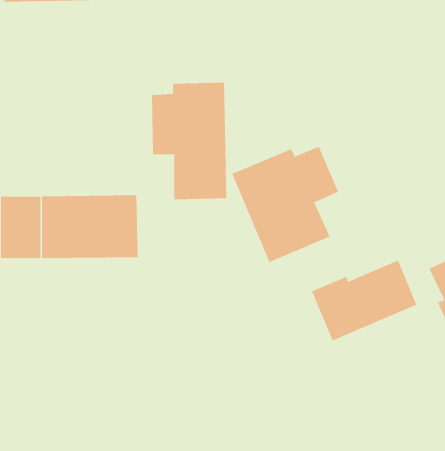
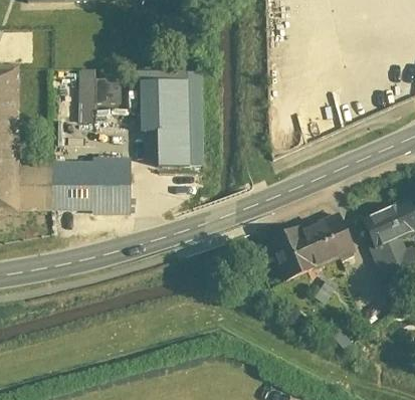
building: none -> [77,66,116,114]
building: [231,146,339,263] -> none

